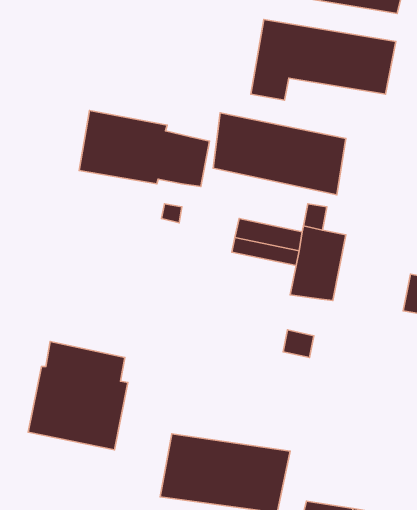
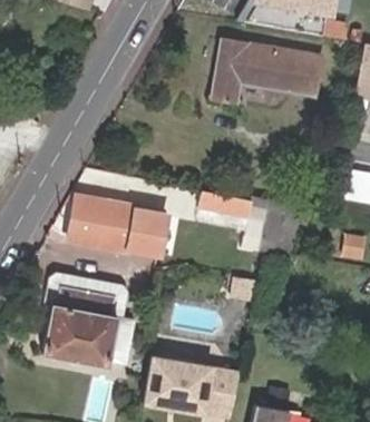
building: [79,110,210,187] -> [68,195,167,253]
building: [213,113,346,195] -> none

